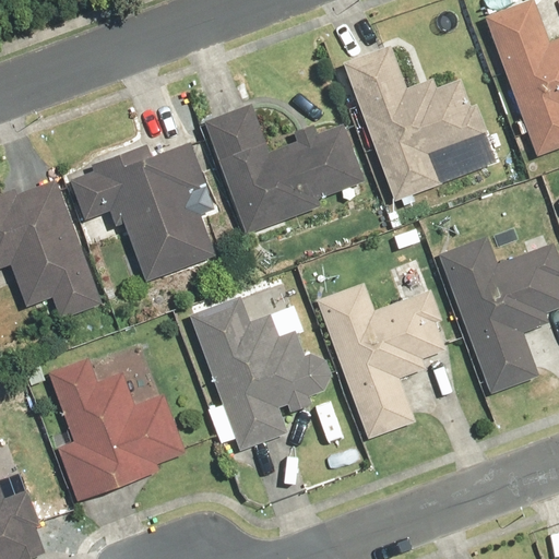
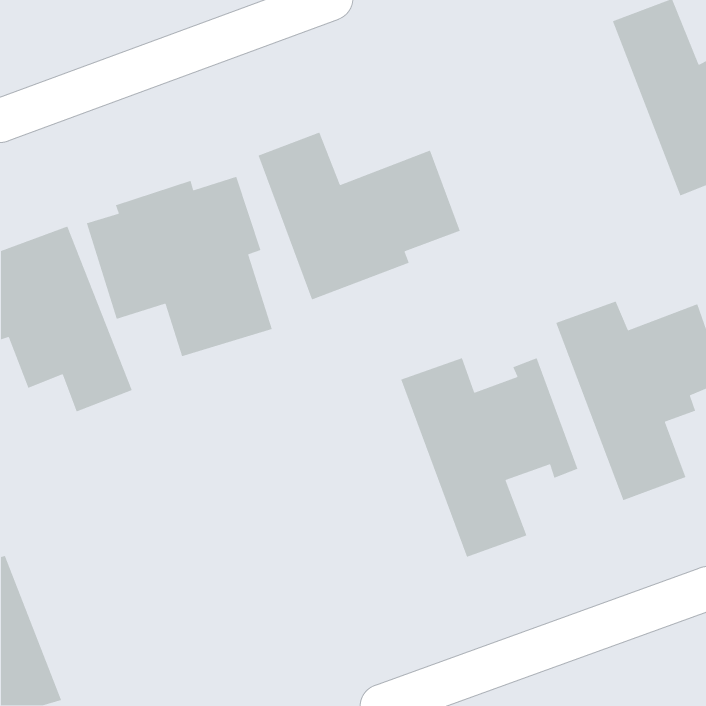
building: [341,33,497,203] -> none
building: [188,284,333,453] -> none
building: [48,357,188,500] -> none

